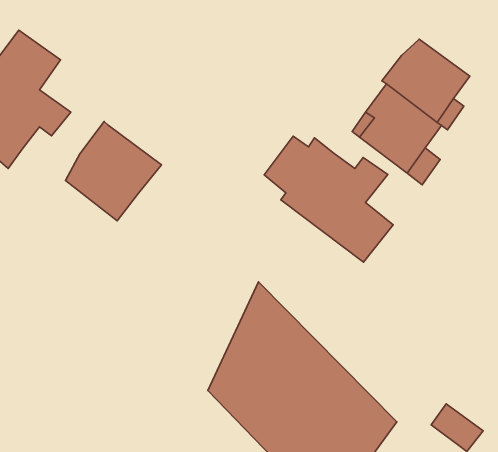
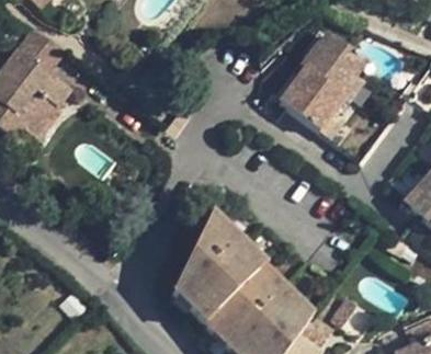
building: [65,122,162,221] -> none
building: [264,136,393,262] -> none

